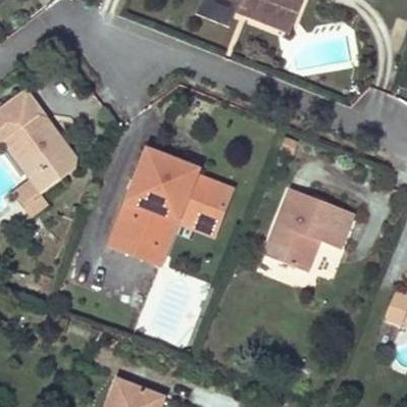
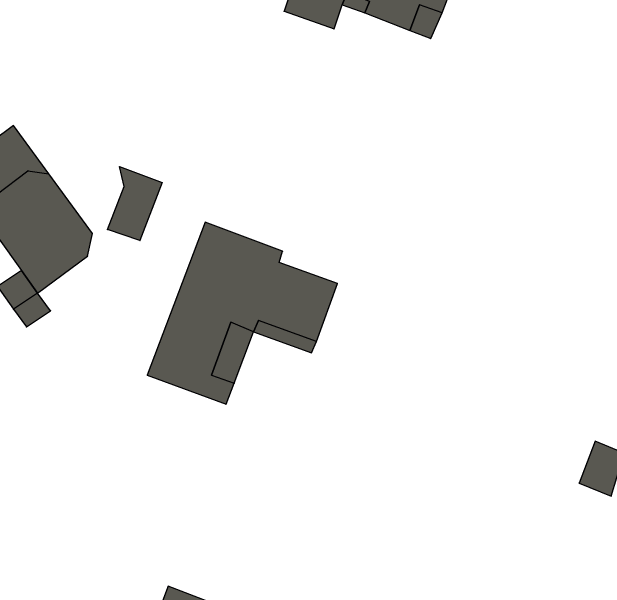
building: none -> [107,167,162,241]
building: [261,188,350,272] -> none

